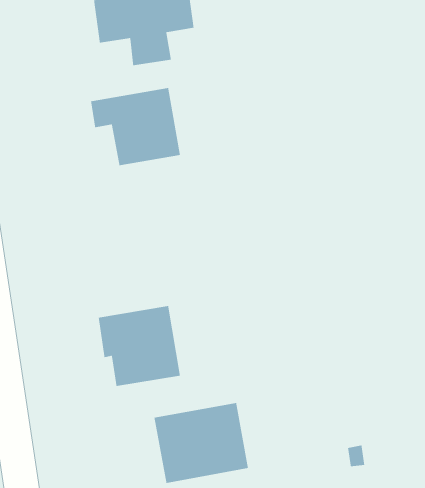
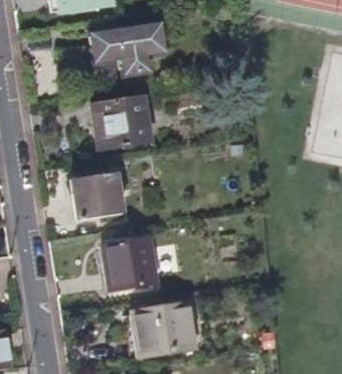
building: none -> [73,170,125,218]

